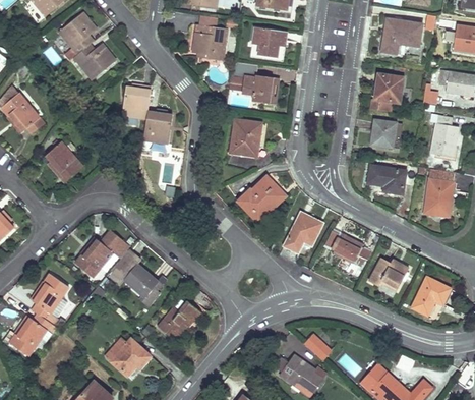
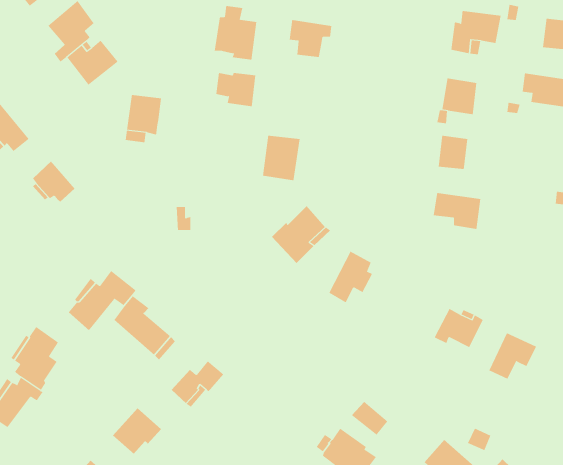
building: [242,76,275,104] -> [215,73,256,107]
building: [143,112,172,145] -> none
building: [430,115,459,158] -> none
building: [424,170,455,217] -> none
building: [333,234,363,265] -> none

